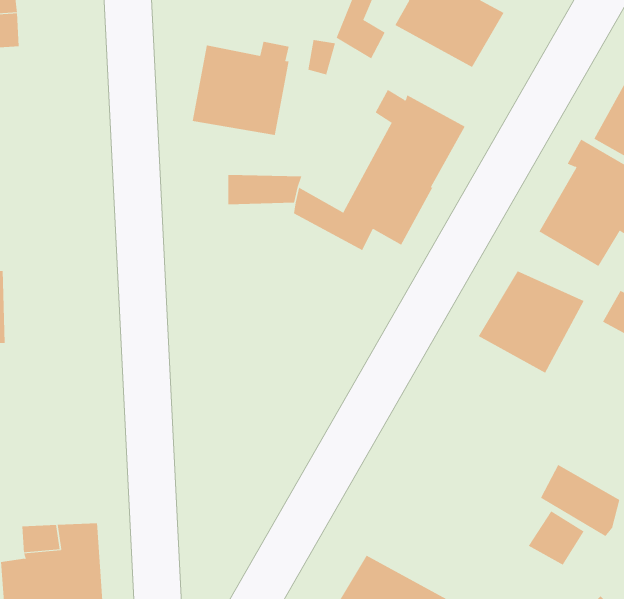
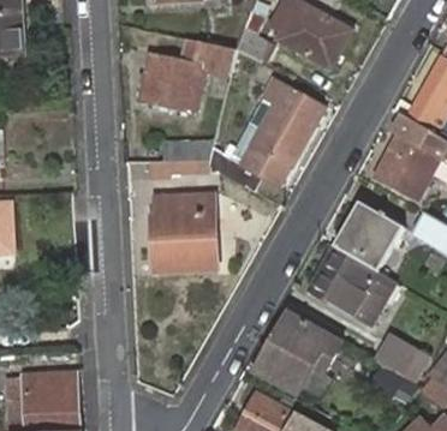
building: none -> [153,193,219,269]
building: none -> [308,249,392,324]
building: none -> [255,312,327,393]

